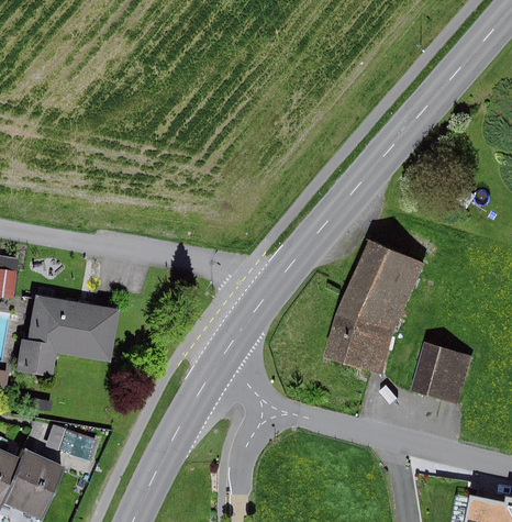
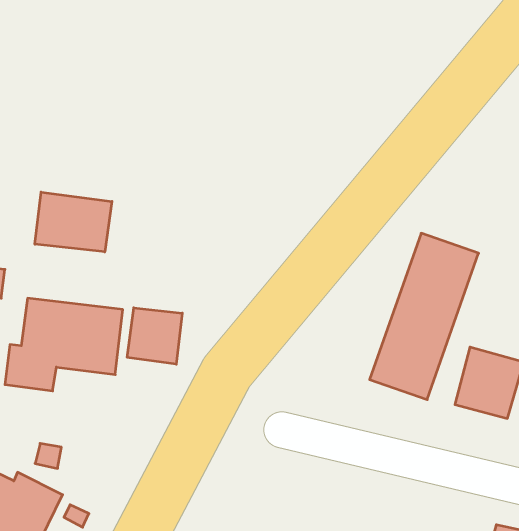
building: none -> [35,192,112,252]
building: none -> [127,308,182,364]

